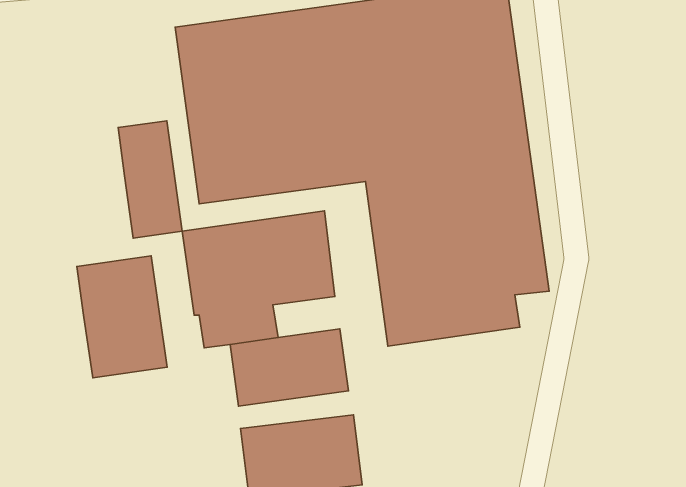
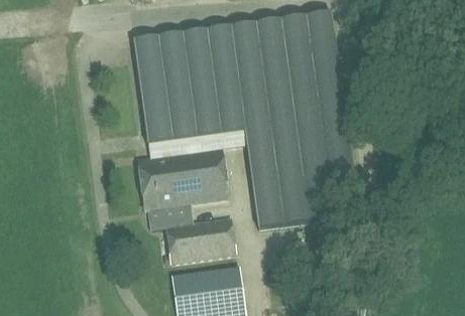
building: [118,121,182,238] -> none
building: [77,256,167,378] -> none

